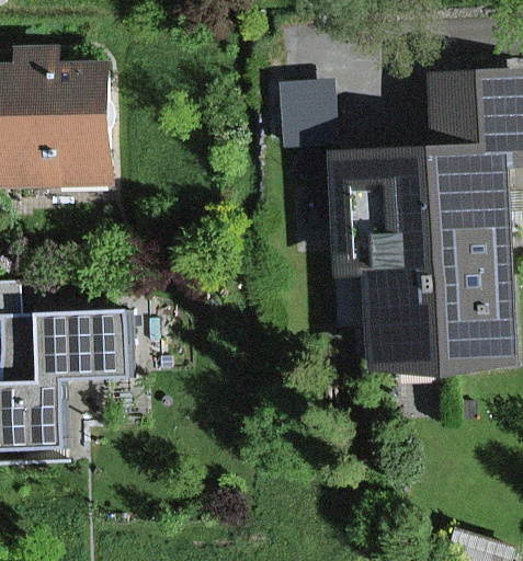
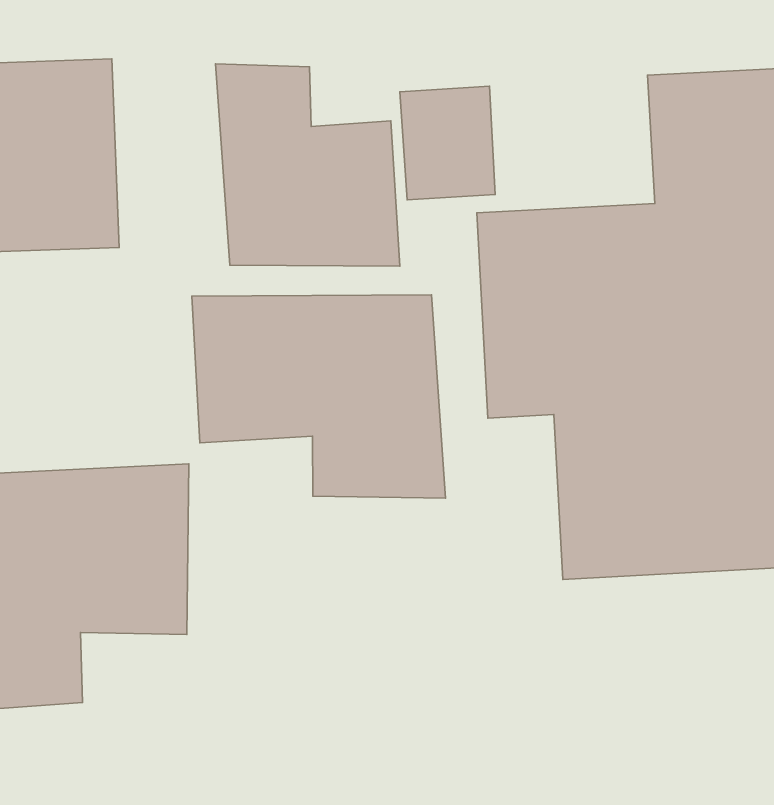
building: none -> [215,64,400,266]
building: none -> [192,295,446,498]

